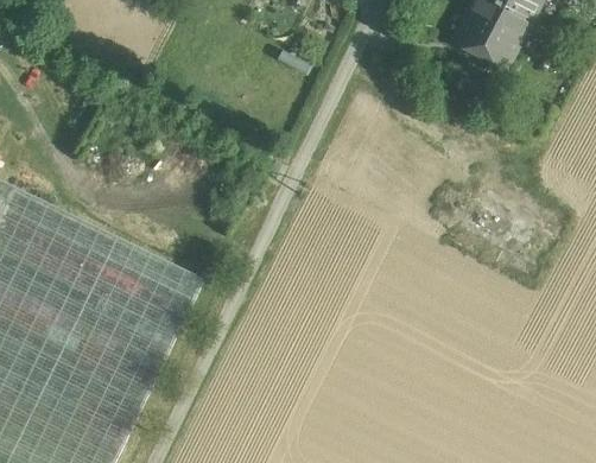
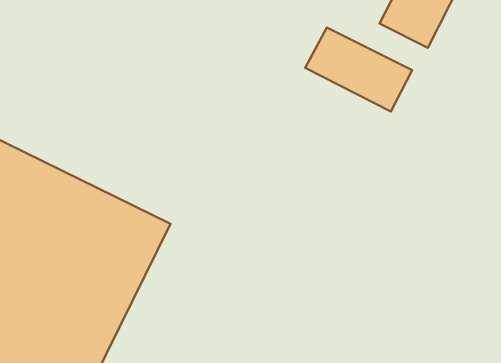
building: none -> [305,28,412,111]

